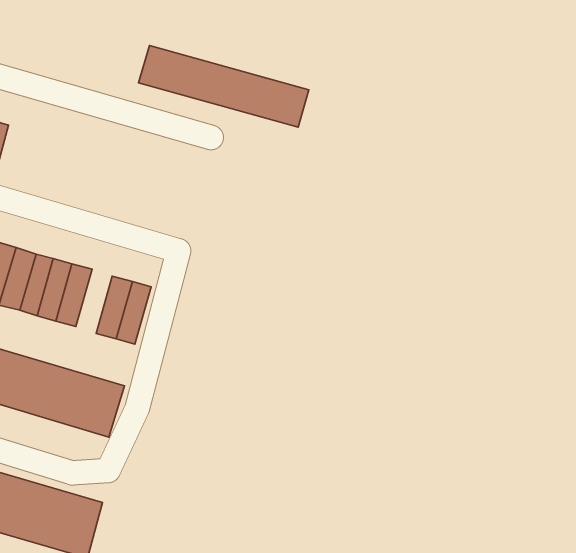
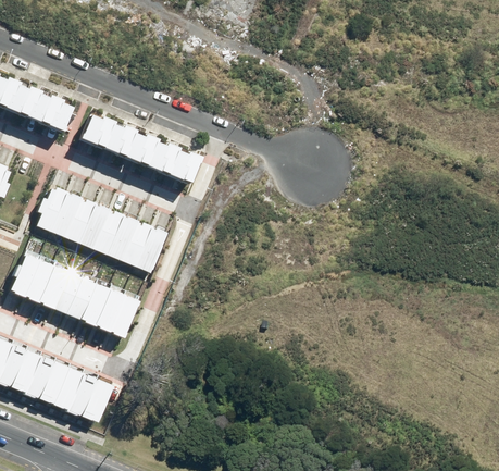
building: [139,46,309,127] -> [79,112,202,183]
building: none -> [108,214,138,261]

